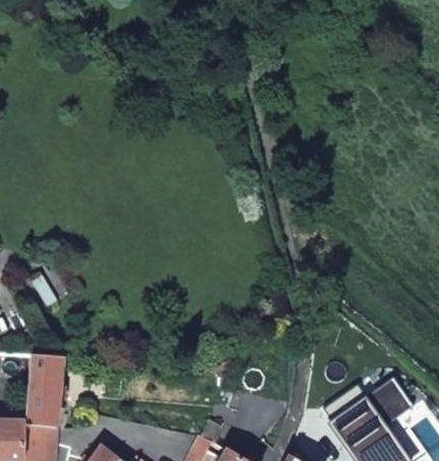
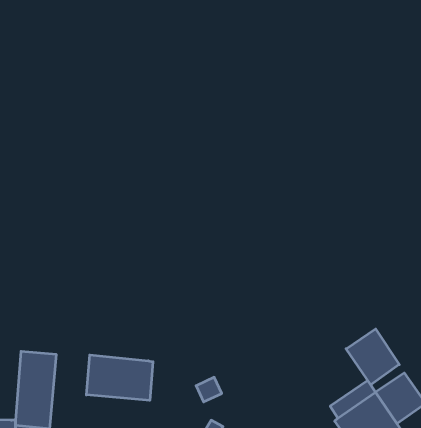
building: none -> [346,329,399,385]
building: none -> [86,355,153,400]

